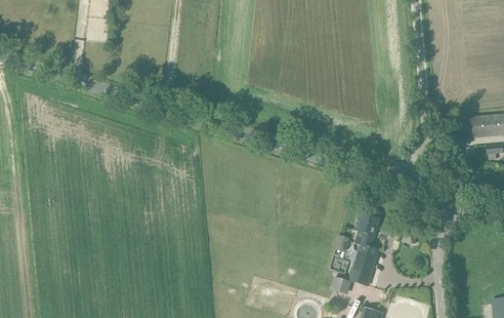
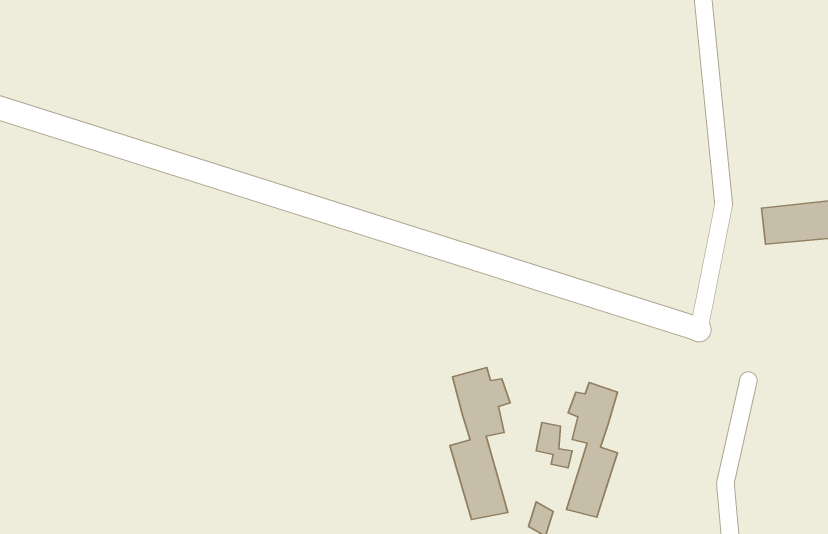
building: none -> [450,367,510,520]

